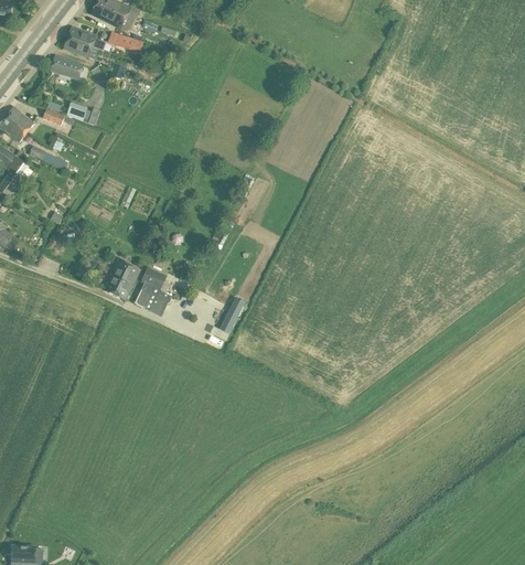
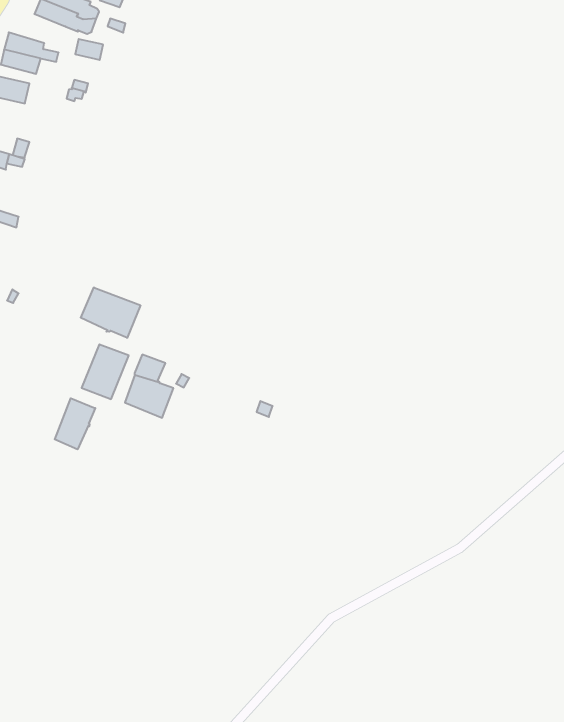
building: none -> [81,287,140,338]
building: none -> [55,398,95,449]

